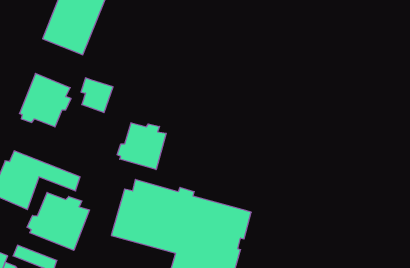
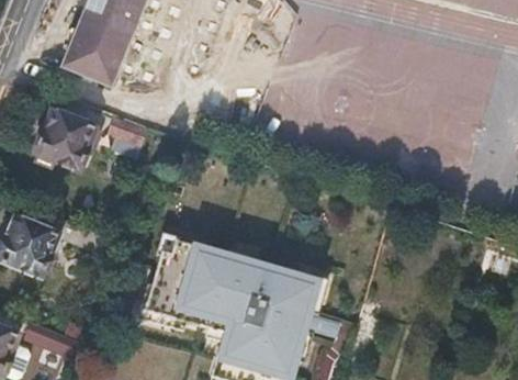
building: [117,123,166,170] -> none
building: [27,192,90,250] -> none

